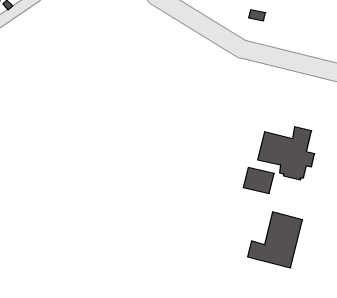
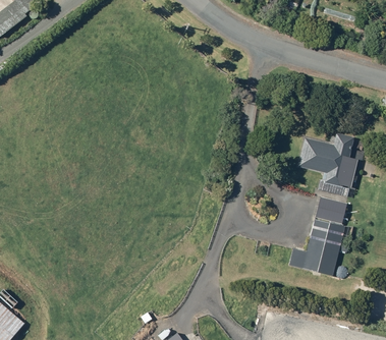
building: [243,168,274,194] -> [315,196,346,223]

